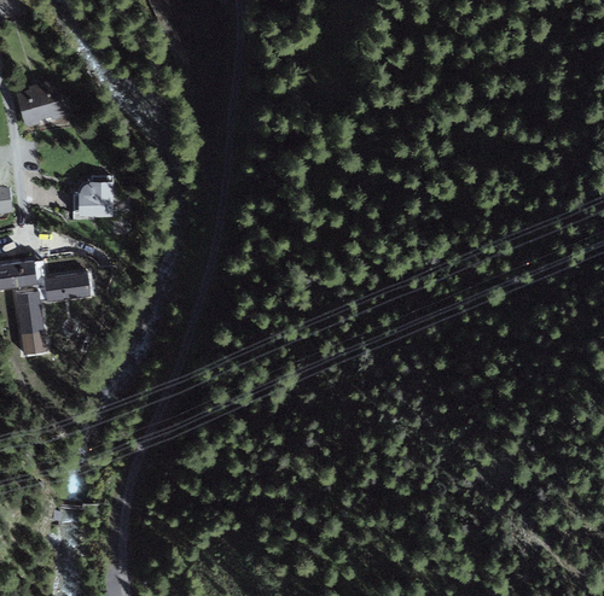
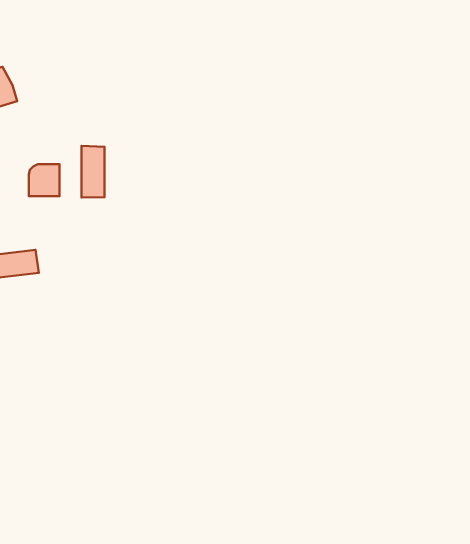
building: none -> [81,146,105,198]

